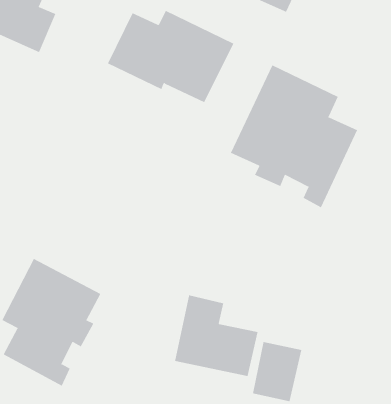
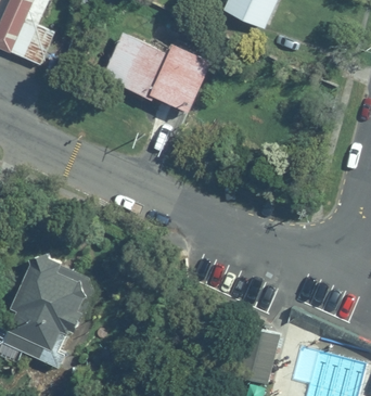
building: [230,65,358,208] -> none
building: [175,295,258,377] -> none

